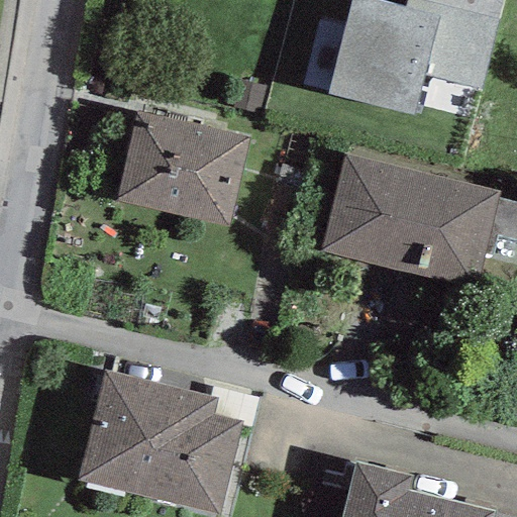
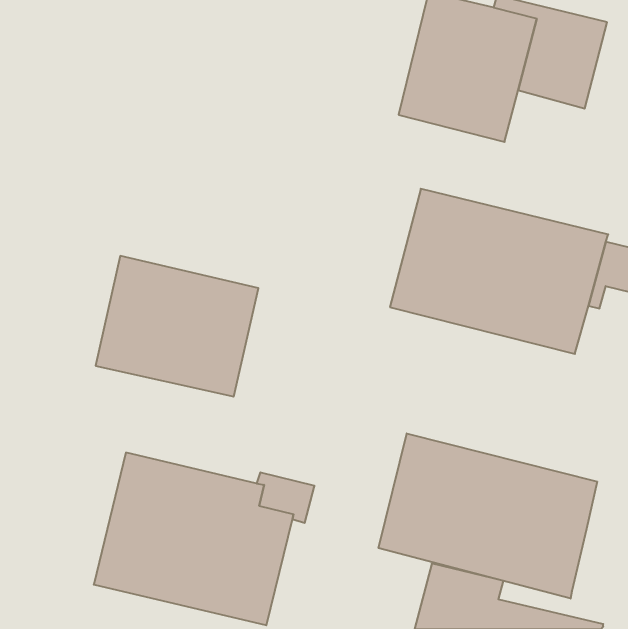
building: [117,111,250,226] -> [96,256,258,397]
building: none -> [379,433,597,599]

